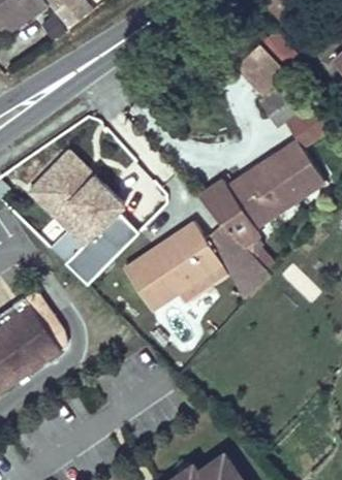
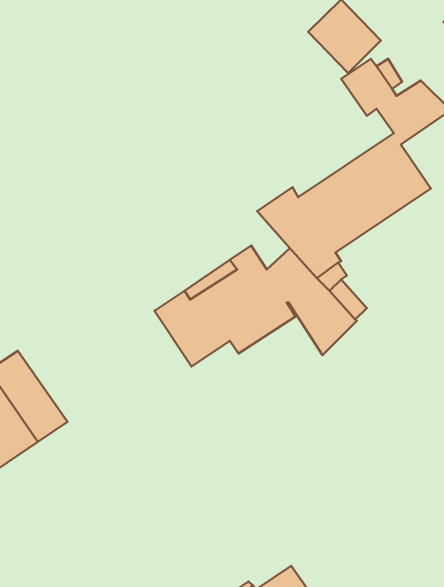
building: [22,146,145,284] -> none

